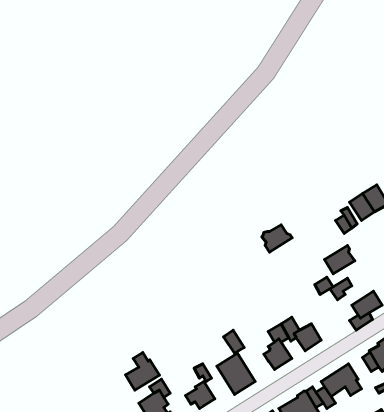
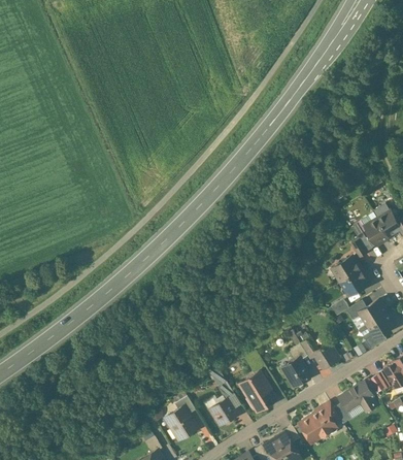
building: [262,225,292,252] -> [334,257,363,283]
building: none -> [359,300,388,326]
building: [125,352,159,390] -> none

